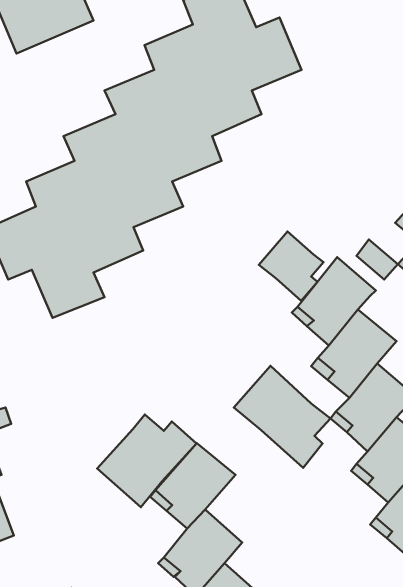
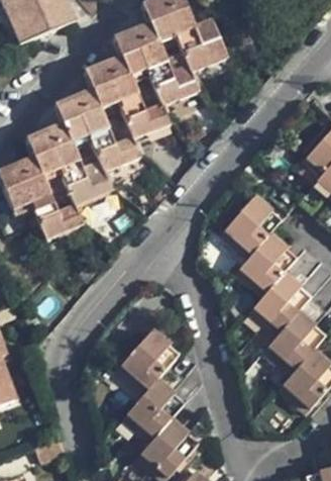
building: [259,231,324,301] -> none
building: [234,366,330,468] -> none
building: [97,414,197,507] -> none

